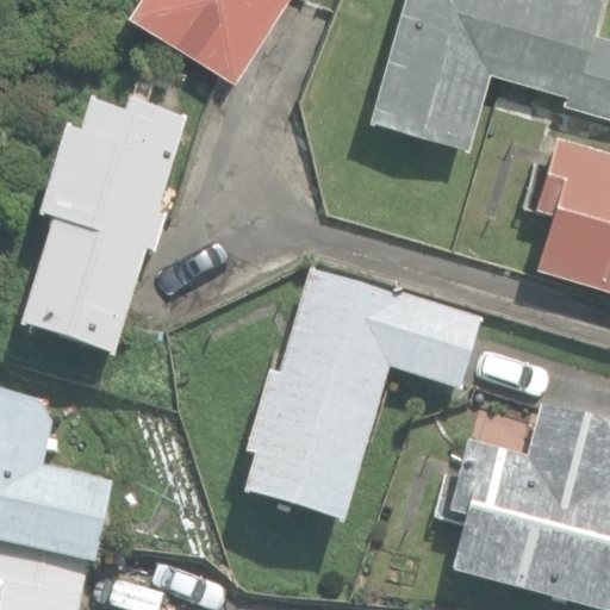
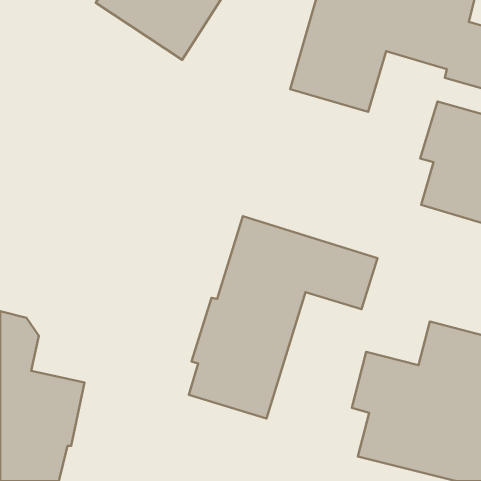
building: [19,104,185,356] -> none

